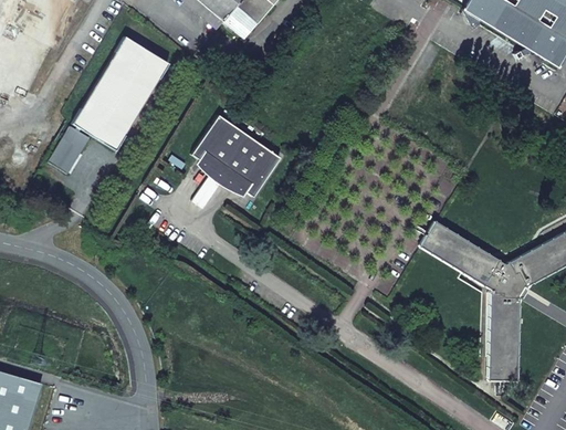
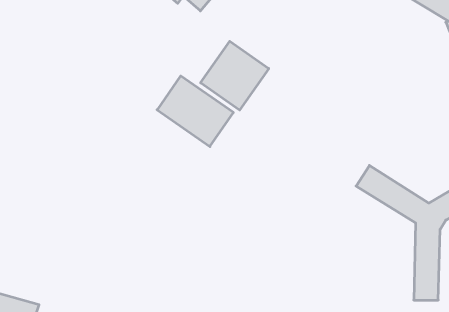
building: [48,38,166,172] -> none
building: none -> [201,41,269,110]

